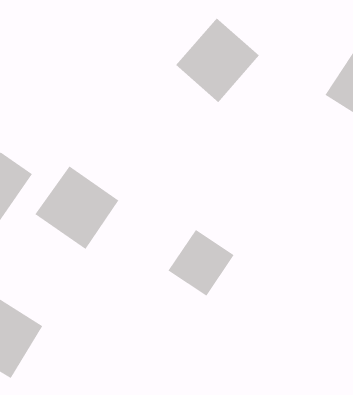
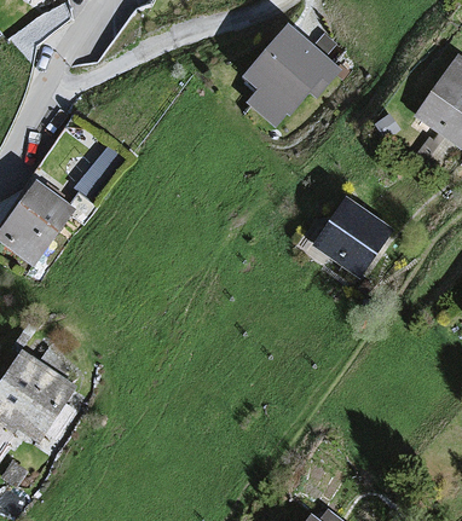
building: [34,165,119,250] -> none
building: [168,229,235,296] -> [312,197,391,276]

